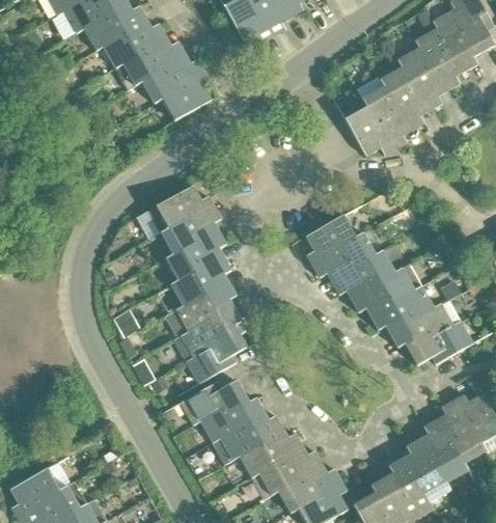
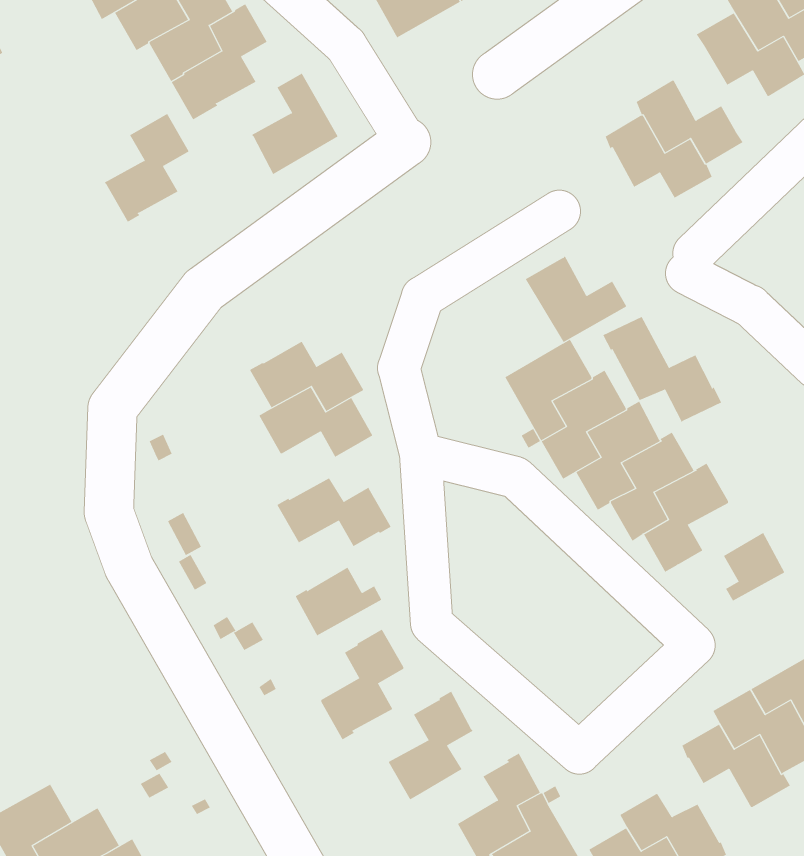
building: [142,40,191,103] -> [104,113,189,223]
building: [397,47,460,95] -> none
building: [345,105,403,155] -> [525,255,627,343]
building: [149,185,214,231] -> none
building: none -> [603,316,722,423]
building: [171,267,237,306] -> none
building: [405,302,453,364] -> none
building: [174,318,247,360] -> none
building: [181,380,223,423] -> none
building: [214,396,269,463] -> none
building: [252,432,308,498] -> none
building: [389,452,451,500] -> none

